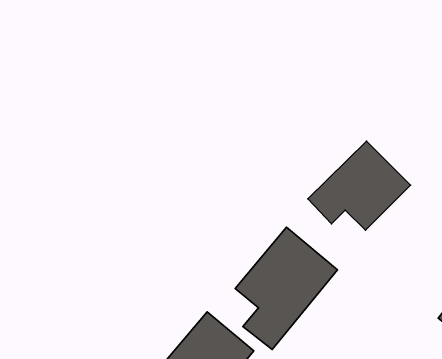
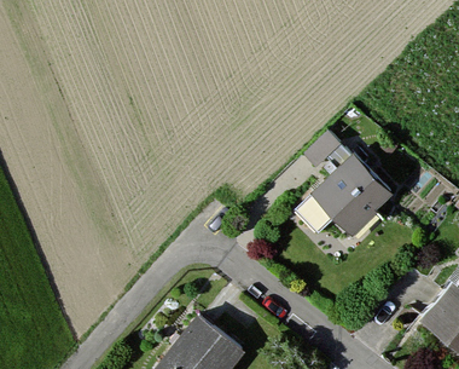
building: [235,227,337,350] -> none

